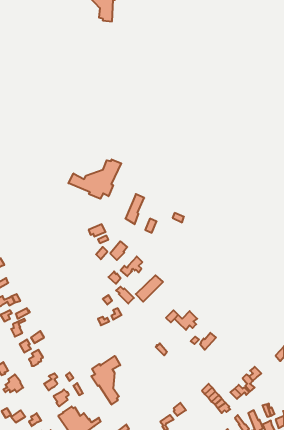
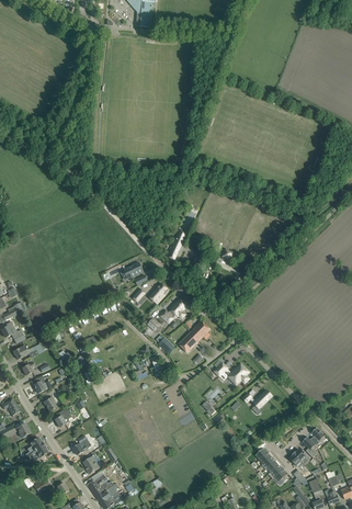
building: [68,159,121,199] -> none
building: [91,356,120,405] -> none

